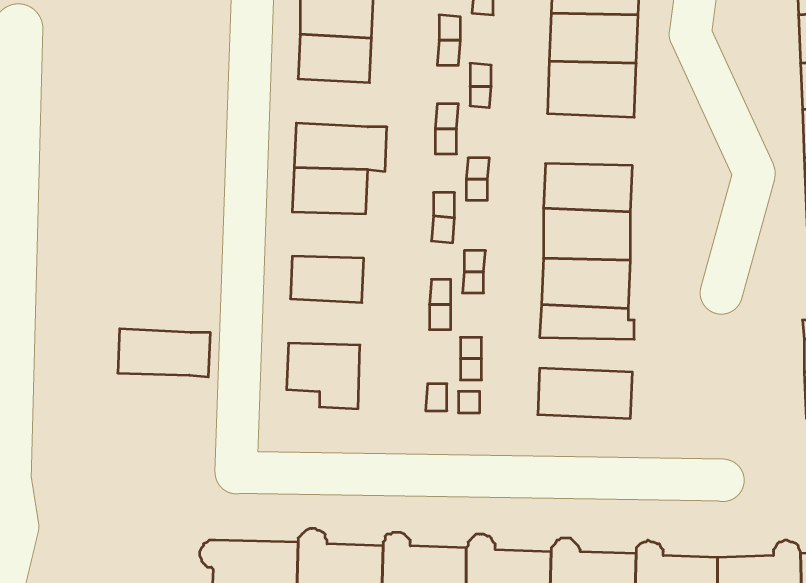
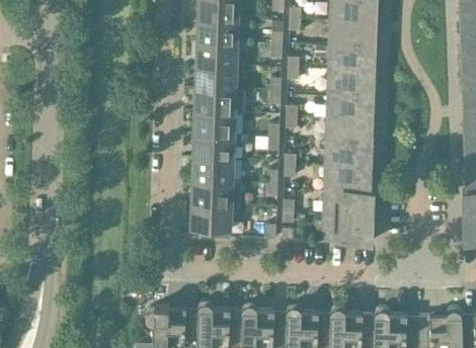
building: none -> [196,65,235,90]
building: none -> [327,83,374,110]
building: none -> [194,135,238,159]
building: [118,329,210,377] -> [192,180,241,205]
building: none -> [324,200,374,219]

